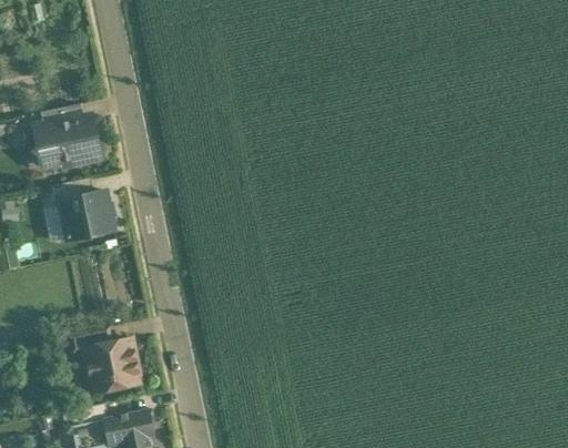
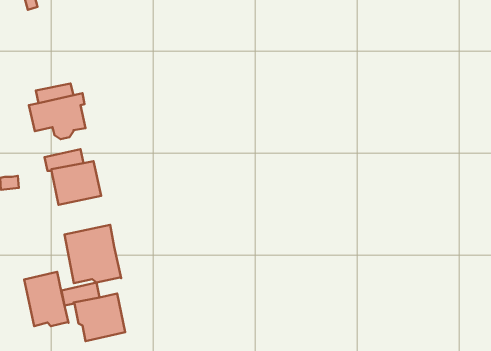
building: none -> [64,225,121,283]
building: none -> [24,272,69,326]

